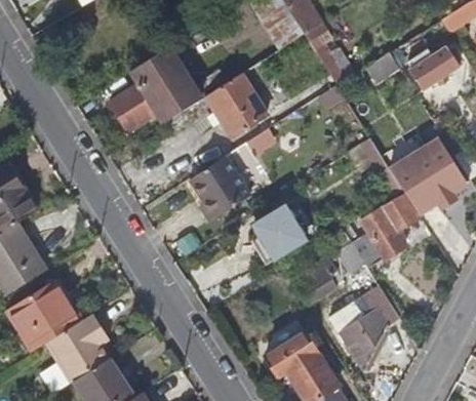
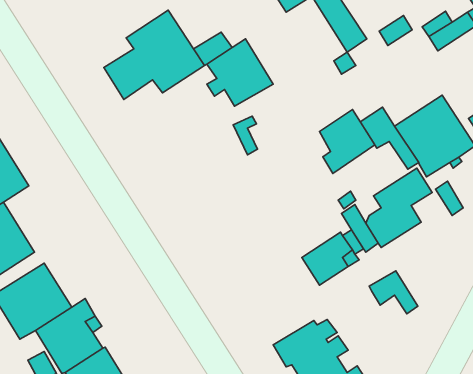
building: [190,158,250,219] -> none
building: [257,204,309,264] -> [320,109,375,173]
building: [334,308,392,374] -> none

